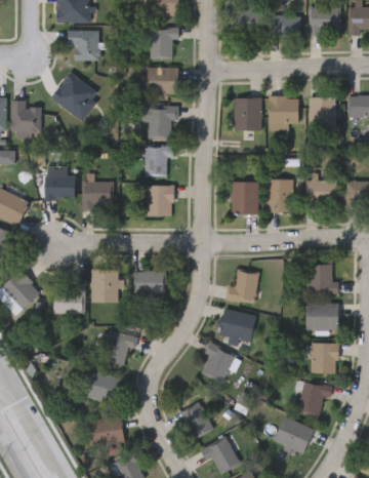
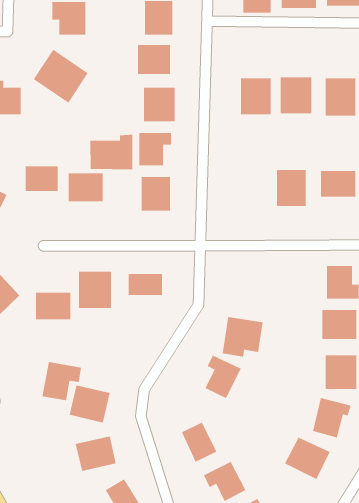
building: none -> [90,134,133,170]
building: [231,182,258,213] -> none
building: [227,270,259,304] -> none
building: [102,330,138,365] -> [41,362,82,401]

